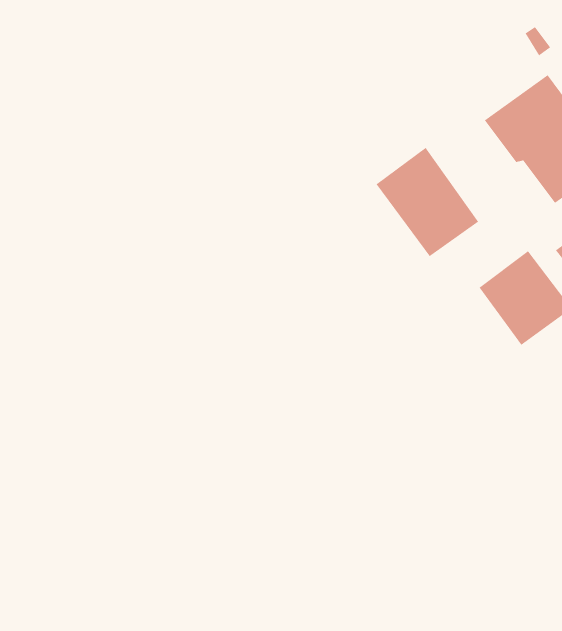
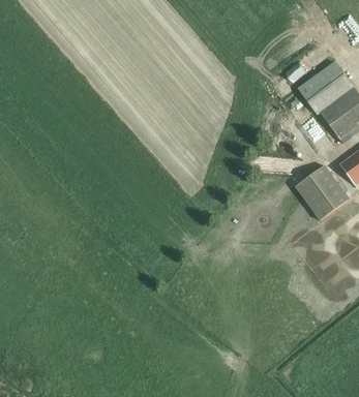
building: [376,147,479,257] -> none

